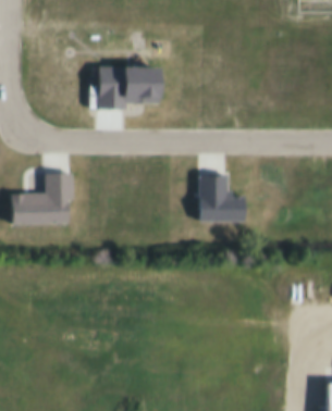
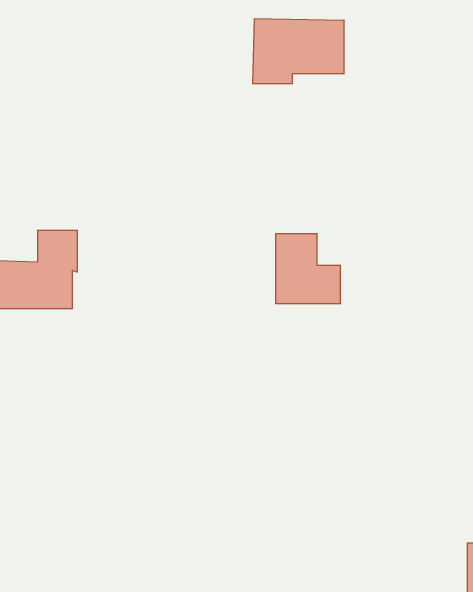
building: [97,66,157,109] -> [253,19,344,84]

